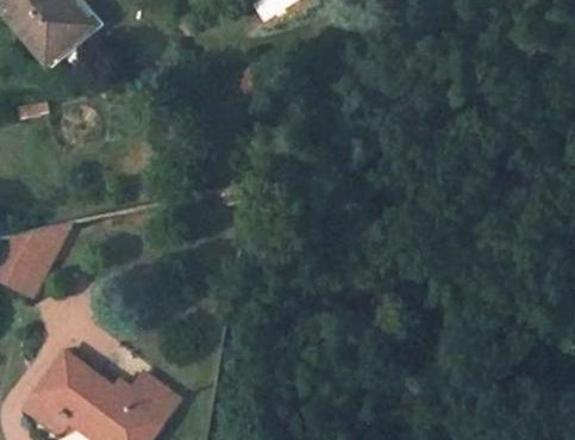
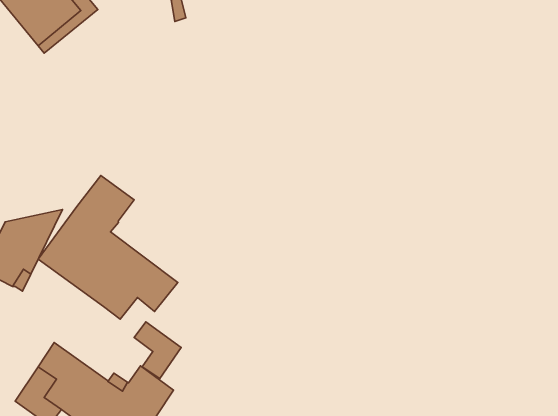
building: none -> [38,176,178,319]
building: none -> [134,322,181,379]

